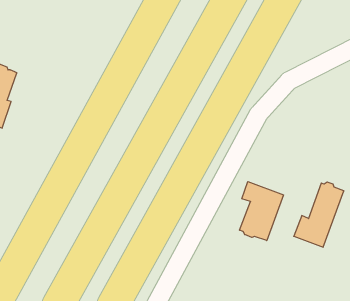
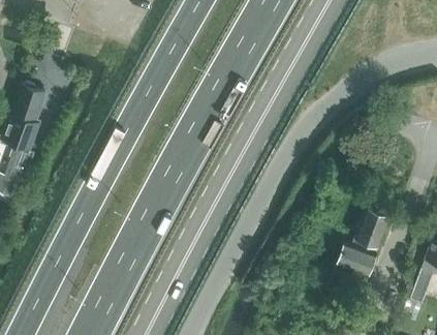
building: [240,182,284,241] -> none

